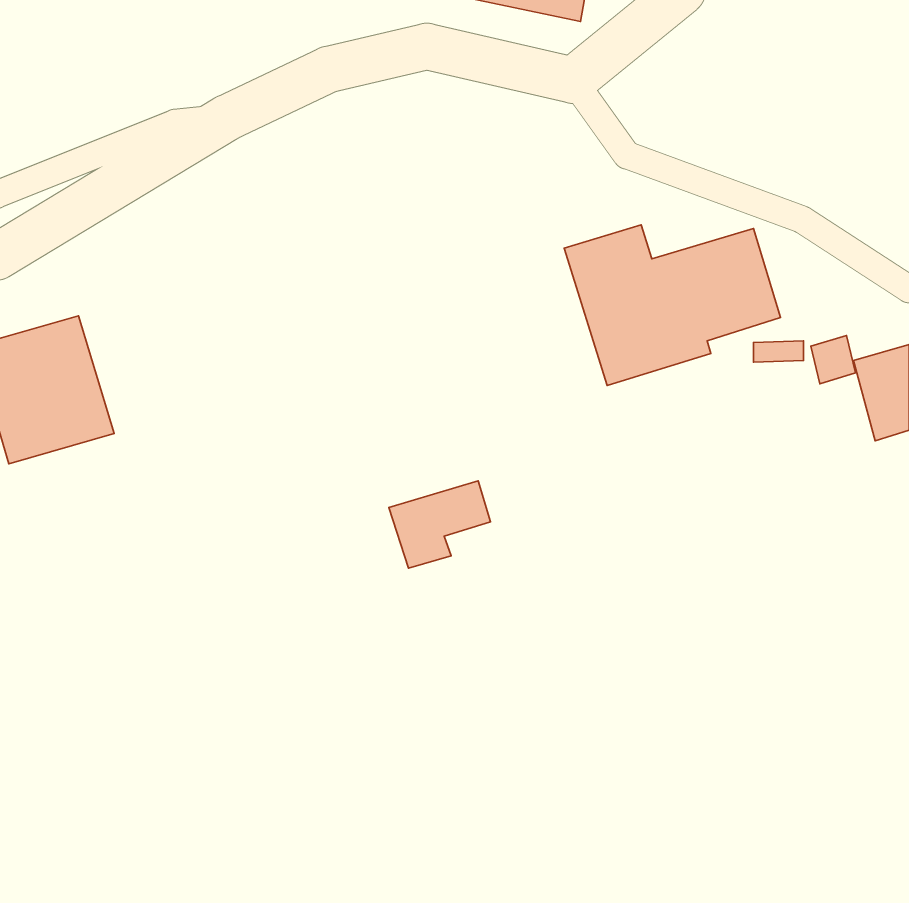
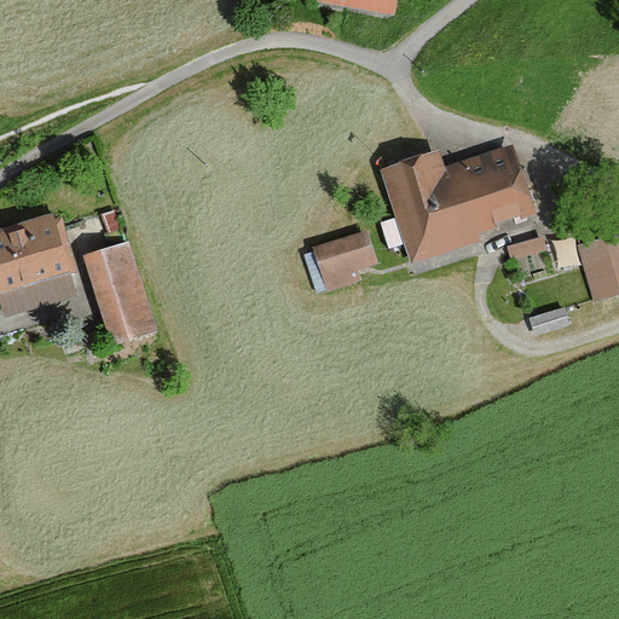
building: none -> [83,243,155,345]
building: [389,481,491,568] -> [312,230,381,289]

